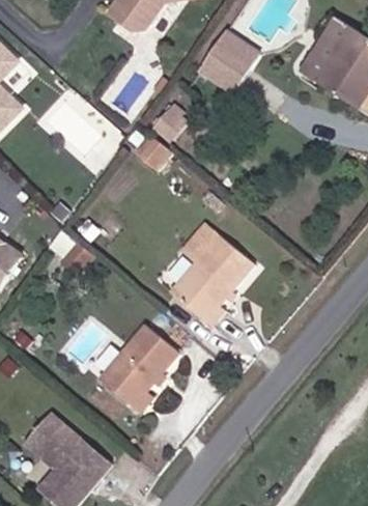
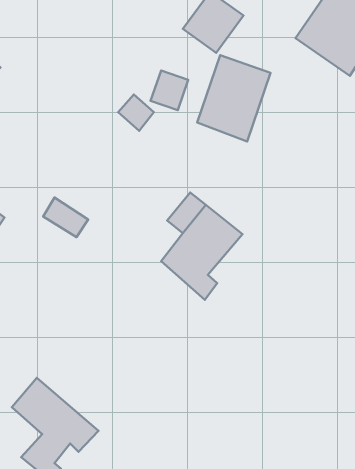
building: none -> [197,55,270,141]
building: [101,329,179,420] -> none

